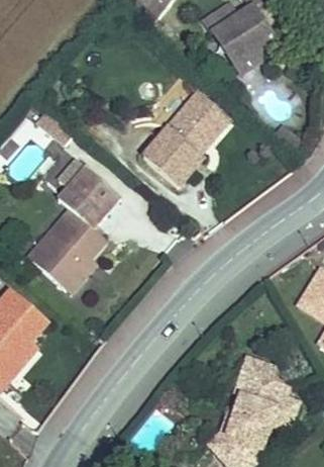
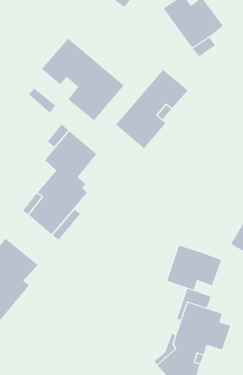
building: none -> [41,38,124,121]
building: none -> [166,245,222,290]

